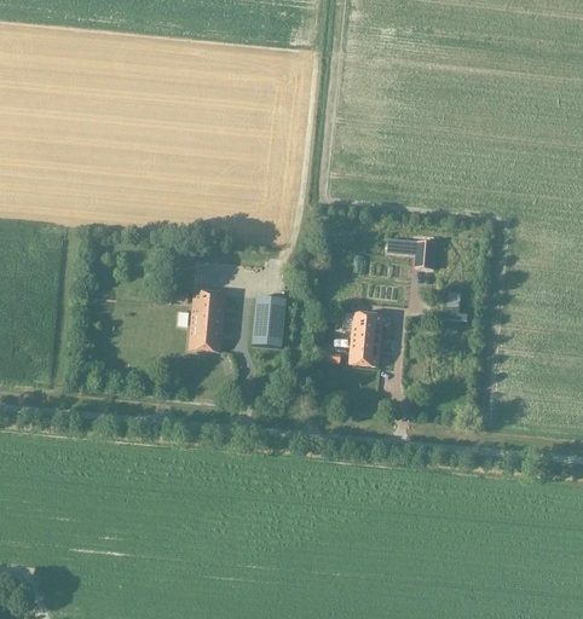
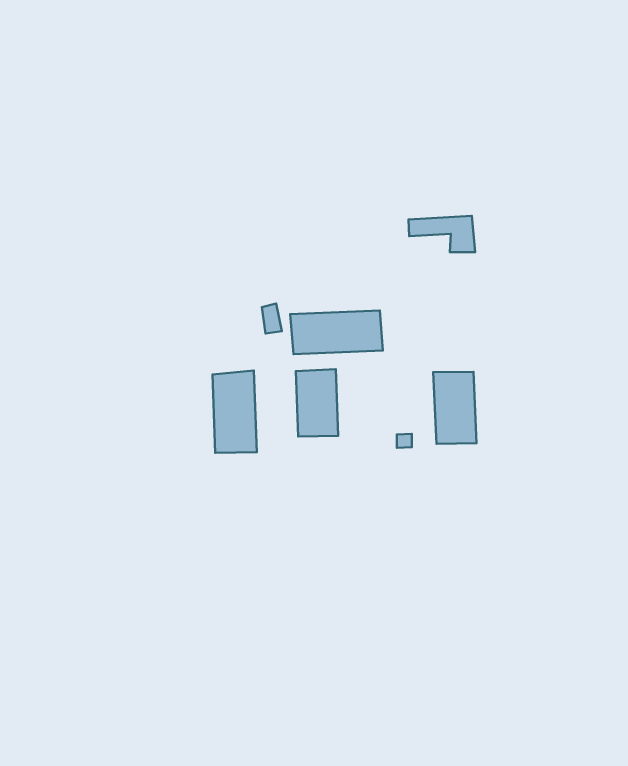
building: [388,239,435,270] -> [409,216,475,252]
building: none -> [290,311,383,354]

